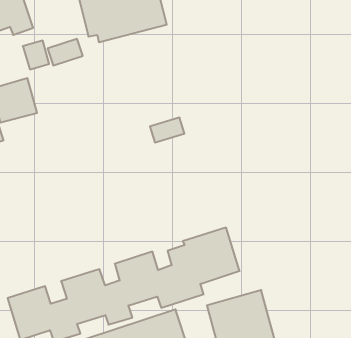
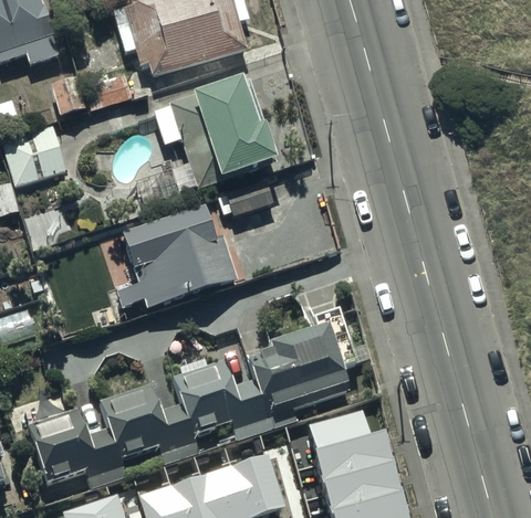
building: none -> [154,82,275,191]
building: none -> [114,209,237,308]

